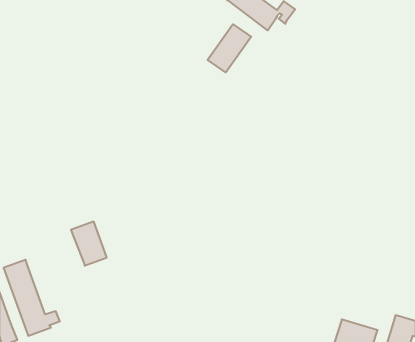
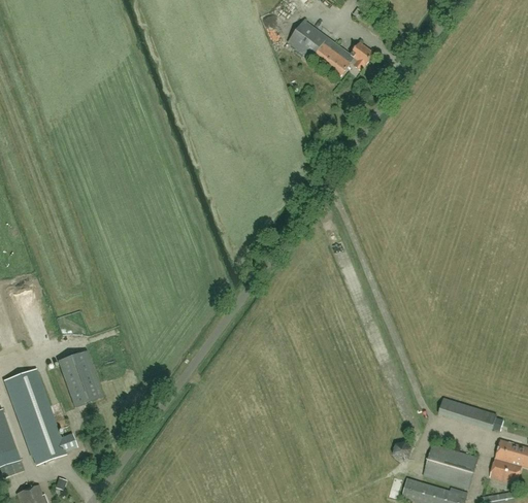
building: [208,24,251,72] -> none
building: [71,222,107,266] -> [57,350,102,406]
building: none -> [438,398,495,429]

